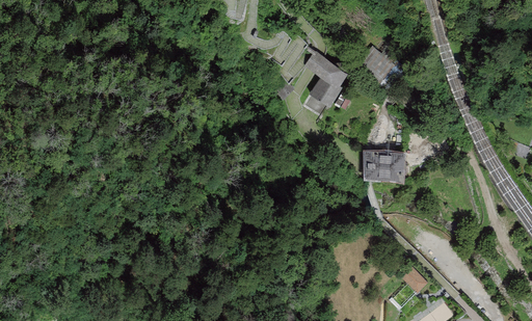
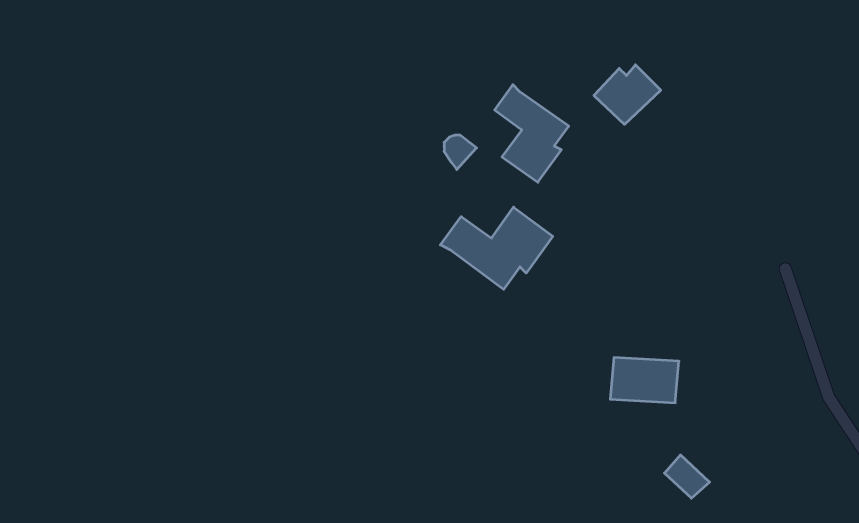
building: none -> [440,207,553,289]
building: [366,154,405,180] -> [610,358,679,403]

